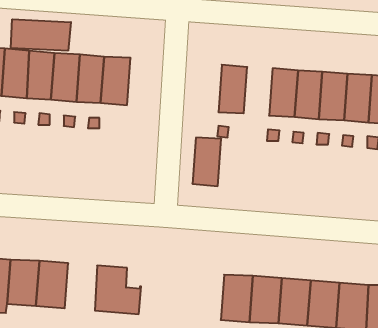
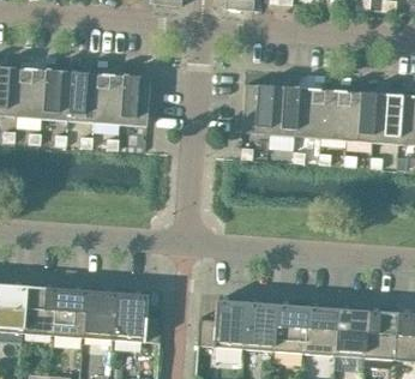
building: [11,19,71,51] -> none
building: [192,138,221,186] -> [267,86,297,137]
building: none -> [82,290,115,339]
building: none -> [197,300,247,349]

